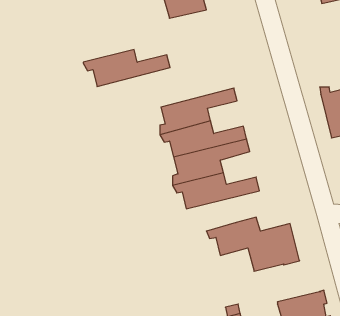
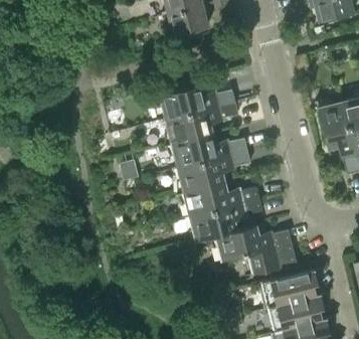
building: [83,50,170,87] -> [153,84,235,120]
building: none -> [189,199,263,242]
building: none -> [270,270,318,308]

